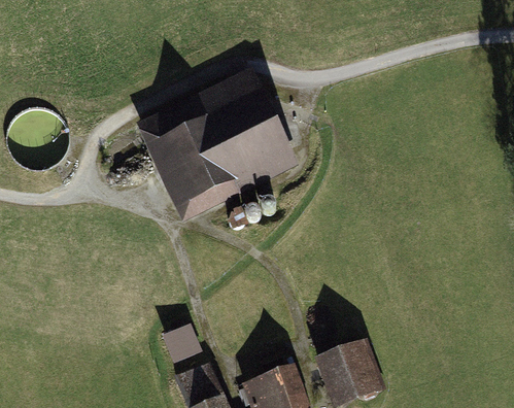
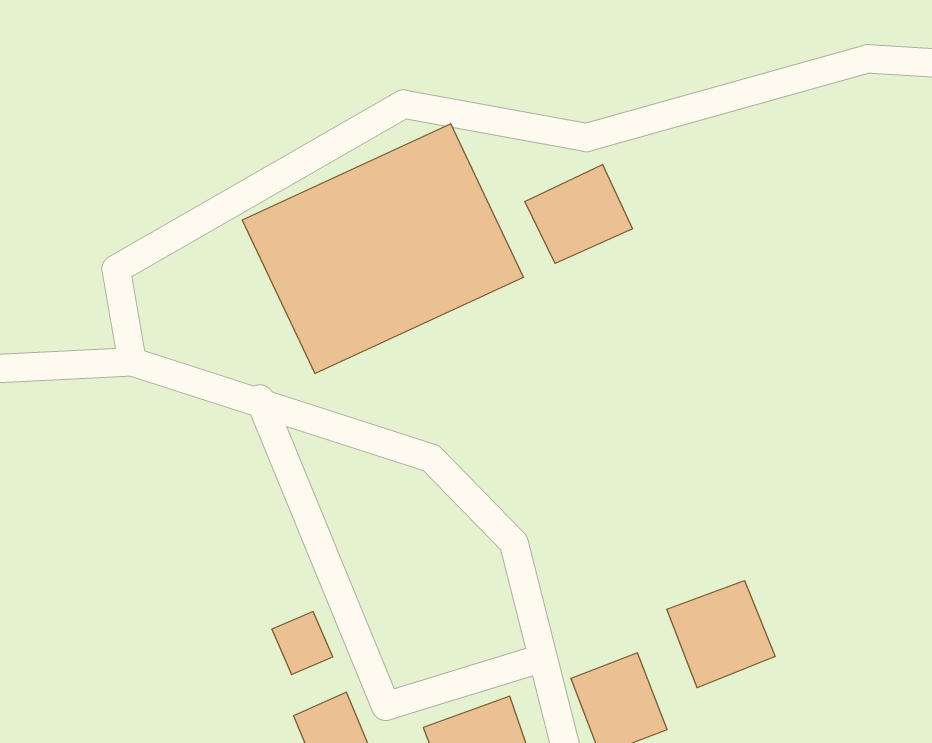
building: none -> [525,164,632,263]
building: none -> [667,581,775,688]

